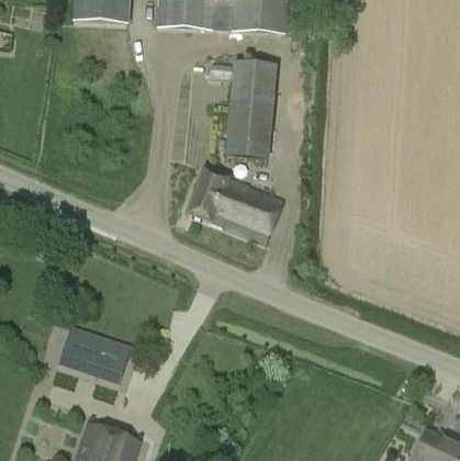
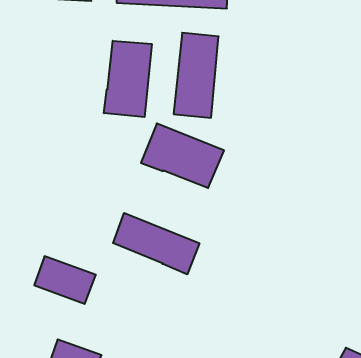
building: none -> [104,41,152,117]
building: none -> [113,213,199,274]

